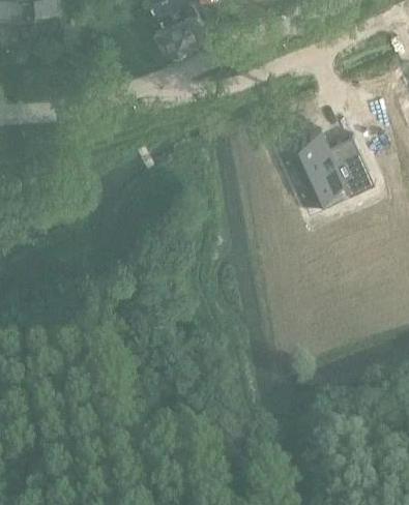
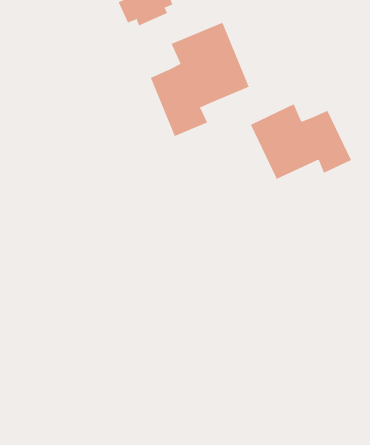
building: none -> [150,22,250,137]

